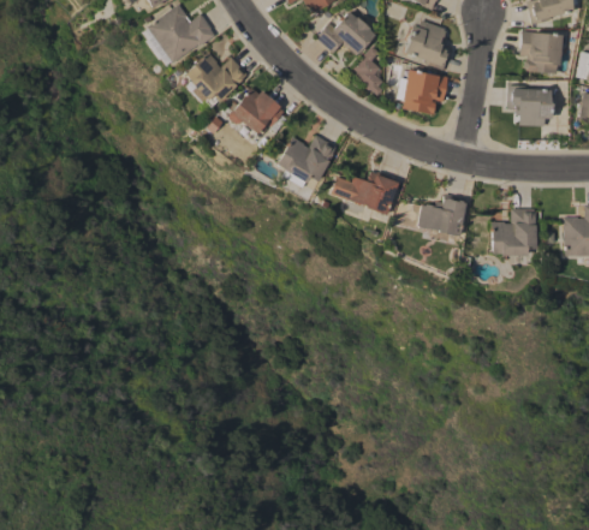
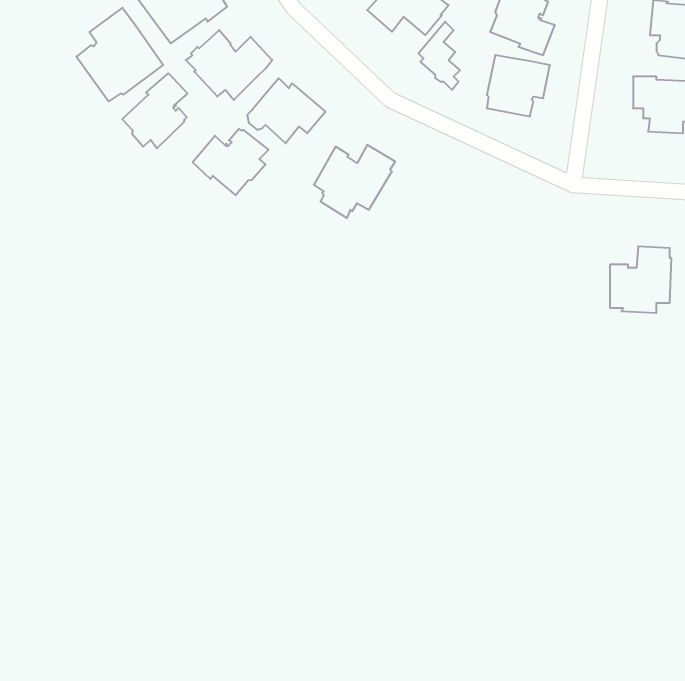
building: none -> [76,8,163,101]
building: none -> [122,73,187,148]
building: none -> [193,129,268,195]
building: [331,171,398,215] -> none
building: [418,193,465,236] -> none

